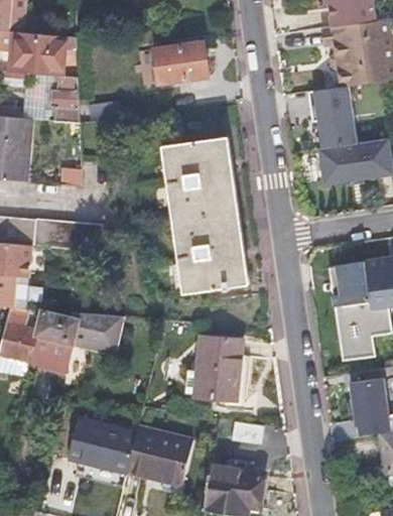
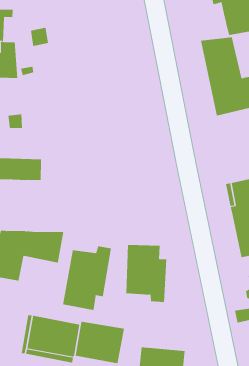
building: [153,41,208,82] -> none
building: [162,136,244,292] -> none
building: none -> [62,245,111,311]

